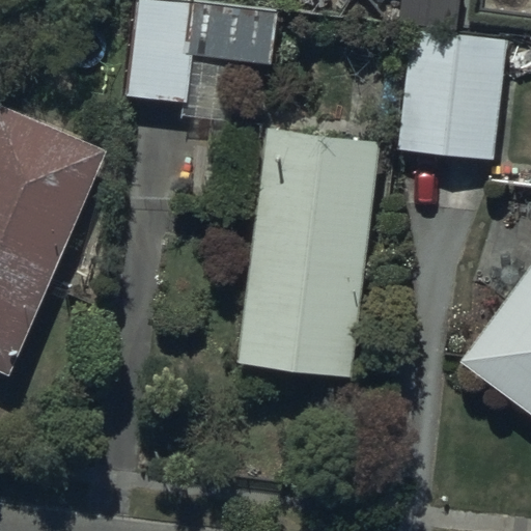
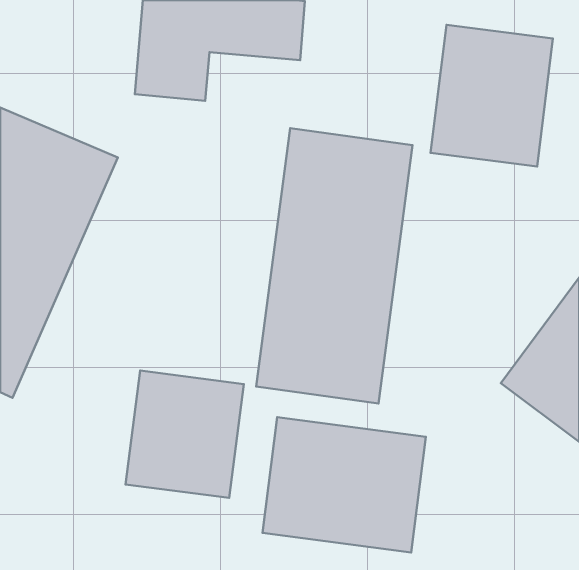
building: none -> [126,370,244,498]
building: none -> [262,417,426,552]

